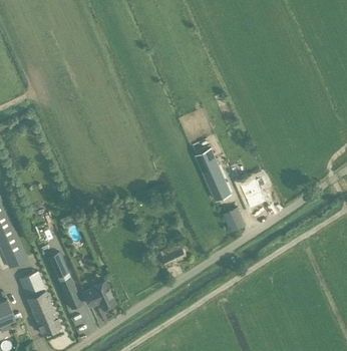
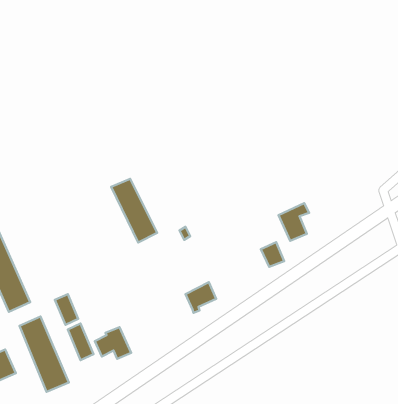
building: [194,150,233,205] -> [111,179,157,242]

